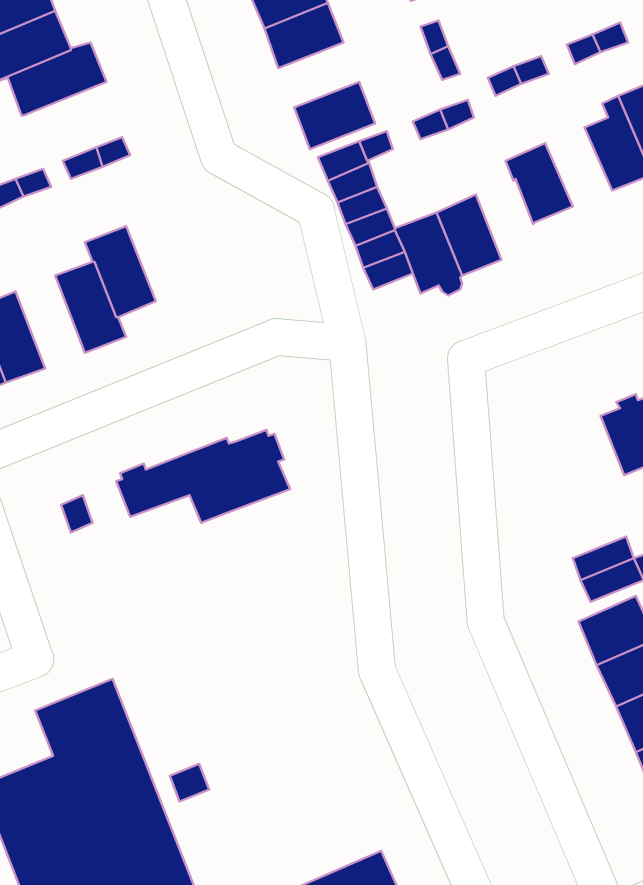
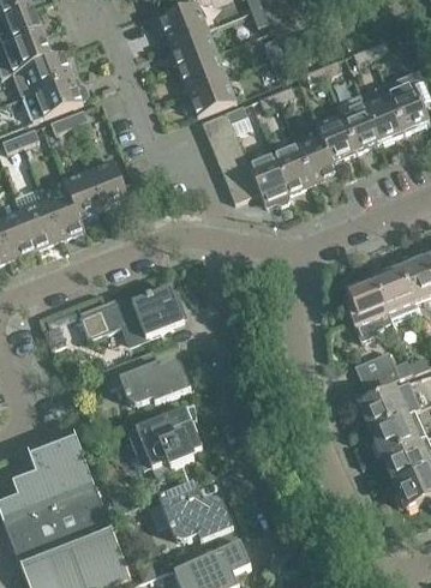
building: none -> [176,50,226,90]
building: none -> [22,74,86,120]
building: none -> [339,102,379,154]
building: none -> [297,133,337,182]
building: none -> [84,151,127,208]
building: none -> [17,192,59,248]
building: none -> [346,277,390,340]
building: none -> [101,353,190,403]
building: none -> [127,415,200,478]
building: none -> [157,481,232,541]

